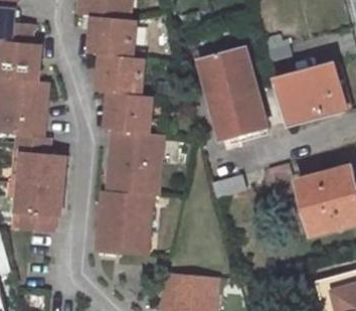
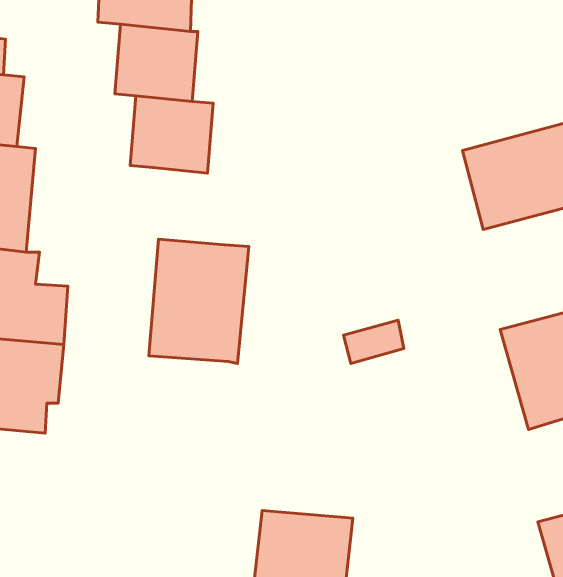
building: [199,45,263,135] -> none
building: [107,91,151,132] -> none
building: [97,190,150,255] -> none

